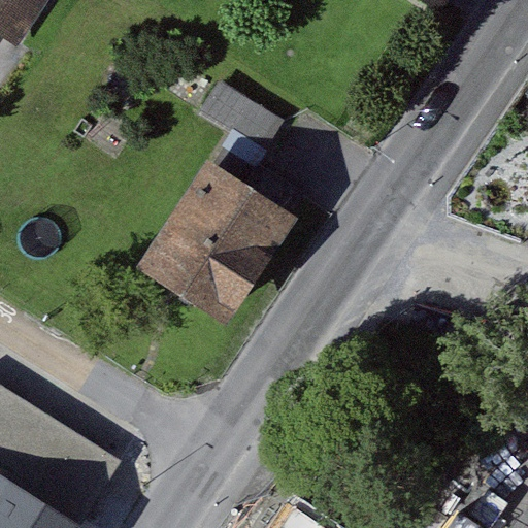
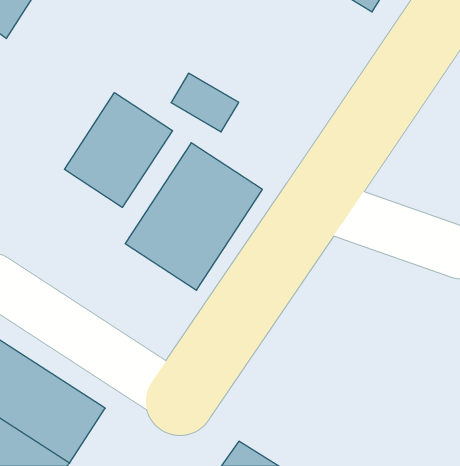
building: none -> [64,93,173,207]

